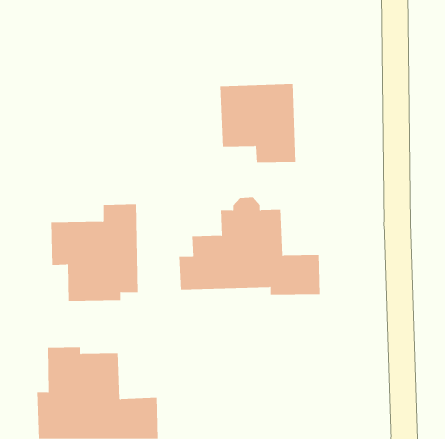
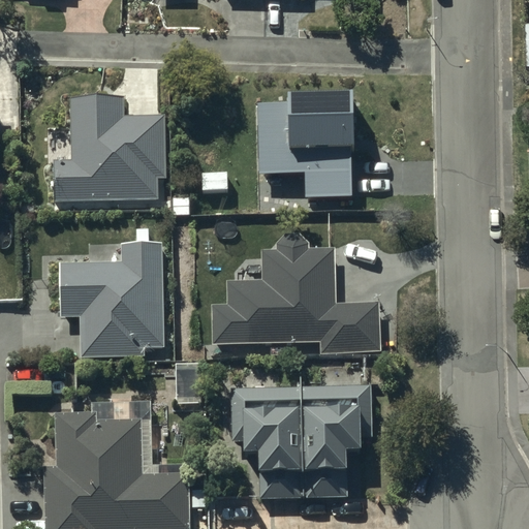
building: none -> [53,97,165,200]
building: none -> [231,384,372,499]

